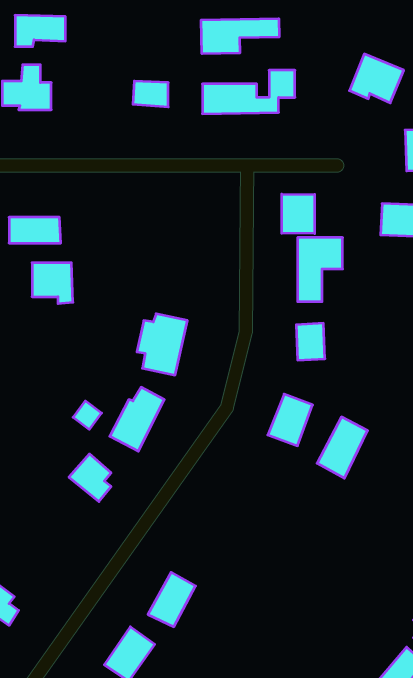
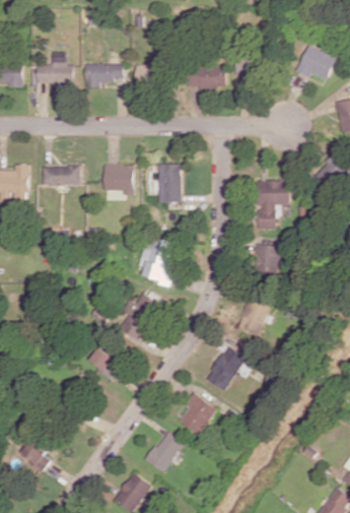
building: [15,15,65,47] -> [84,63,122,86]
building: [201,19,279,54] -> none
building: [282,194,315,234] -> none
building: none -> [156,164,180,202]
building: [32,263,73,304] -> [102,165,133,195]
building: [317,417,368,478] -> [205,345,242,391]
building: none -> [176,394,215,435]

